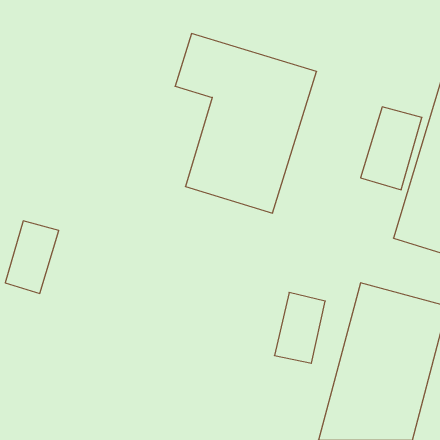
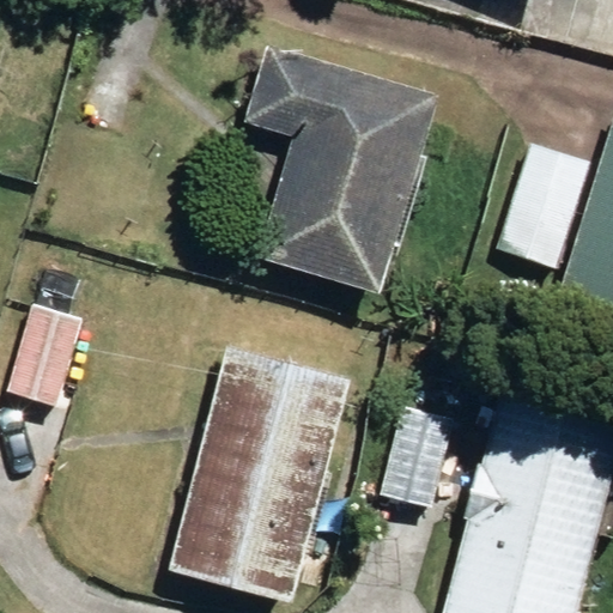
building: none -> [169,351,350,605]

